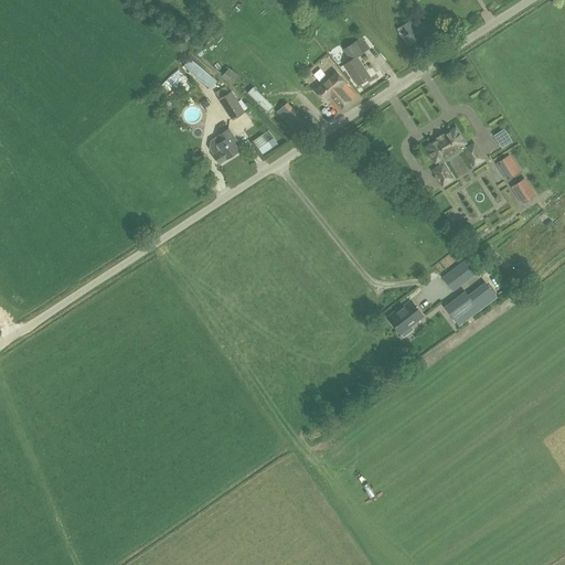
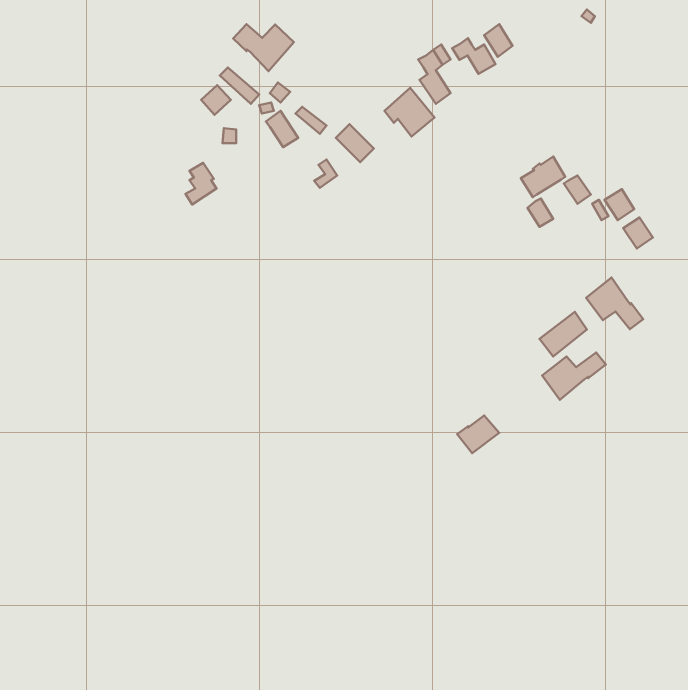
building: none -> [233,24,294,71]
building: none -> [452,38,496,74]
building: [213,129,238,163] -> [186,163,217,205]
building: none -> [586,278,643,329]
building: [387,301,422,332] -> [457,415,499,453]

